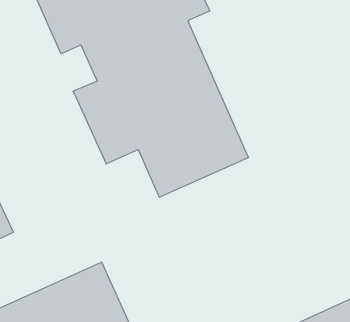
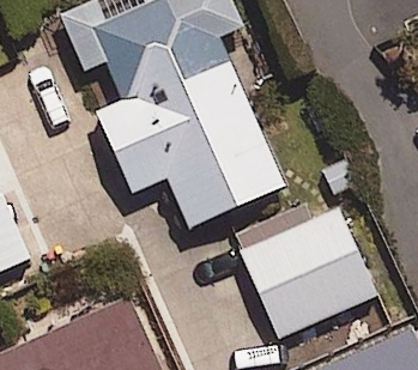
building: none -> [242,214,376,341]

